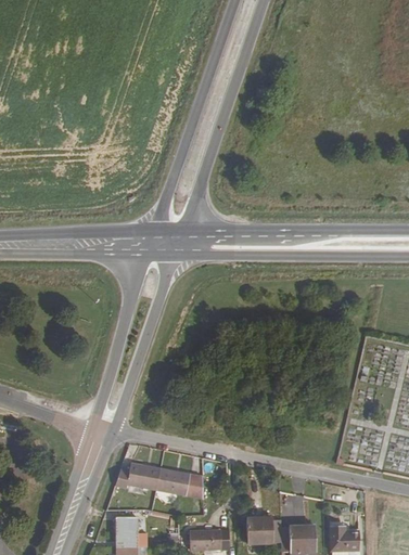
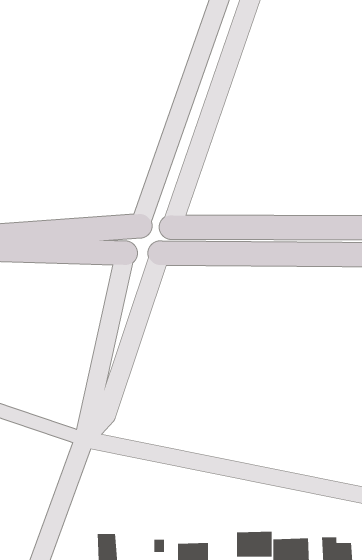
building: [114,464,203,500] -> none

